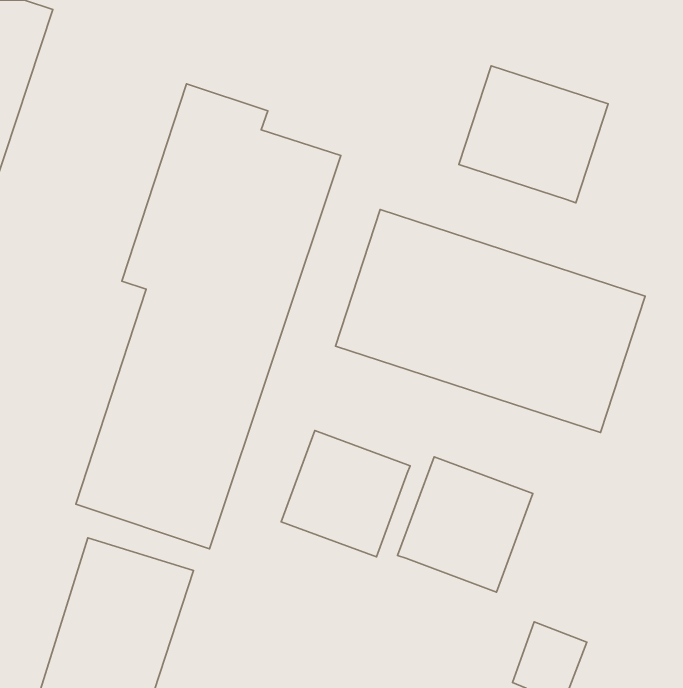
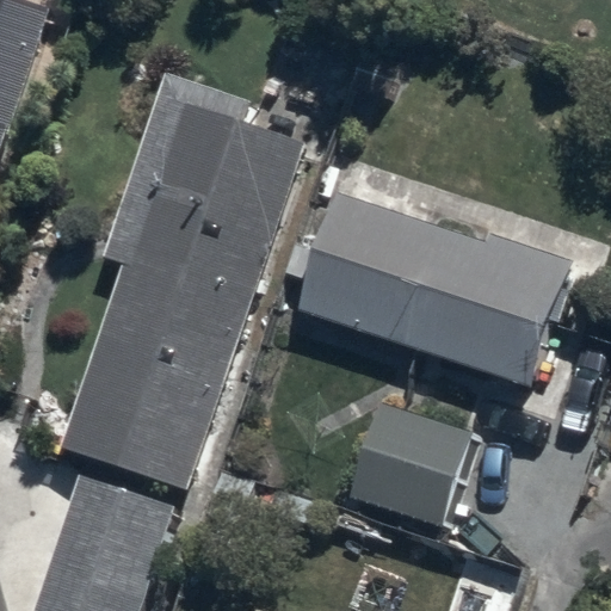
building: [459,66,608,203] -> none
building: [281,431,410,557] -> none

